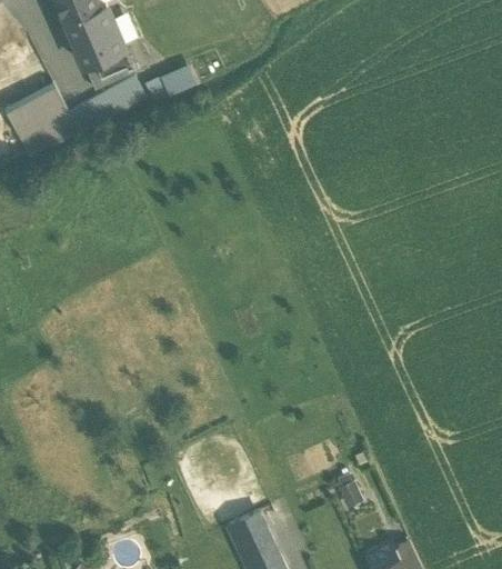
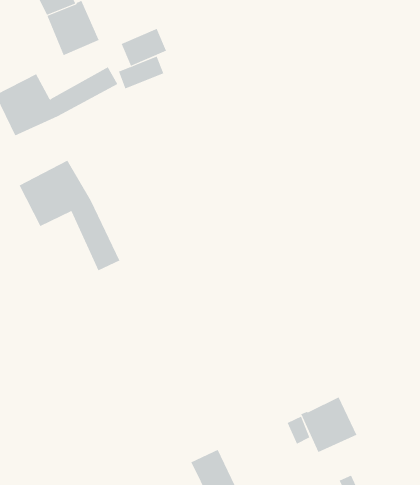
building: [82,47,134,90] -> [121,28,167,66]
building: none -> [19,160,120,271]
building: none -> [300,397,357,453]

